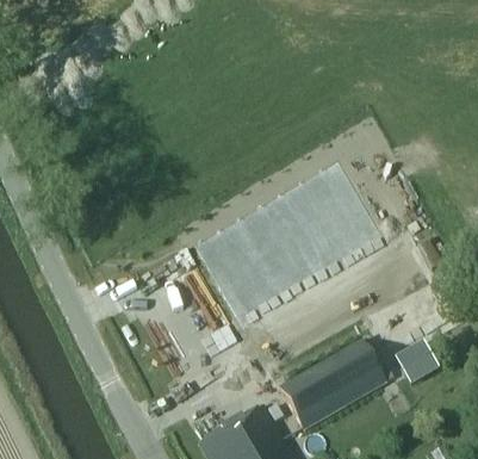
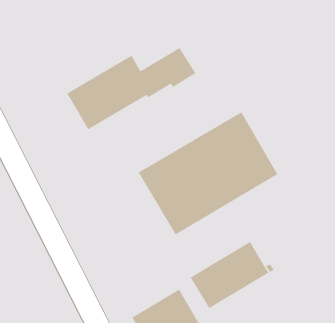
building: none -> [67,47,196,130]
building: [391,339,436,384] -> none

